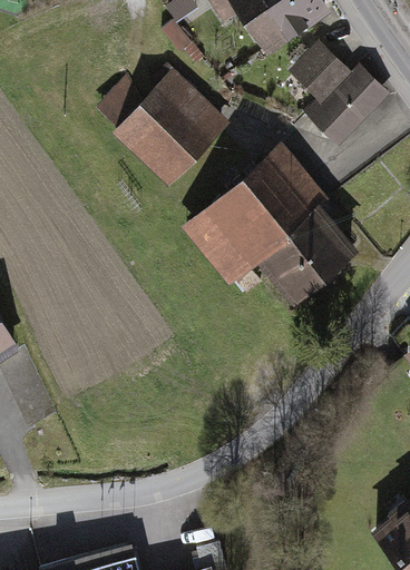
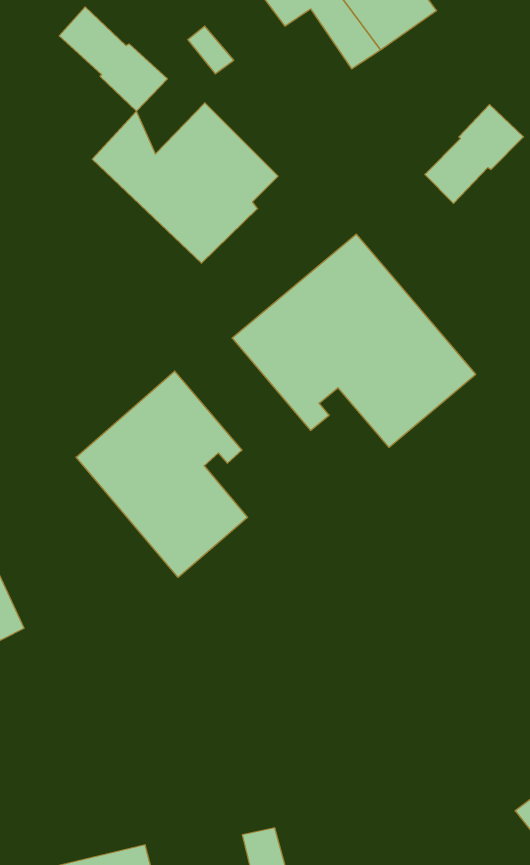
building: none -> [59,7,167,111]
building: [297,49,346,98] -> none
building: none -> [76,371,248,577]

